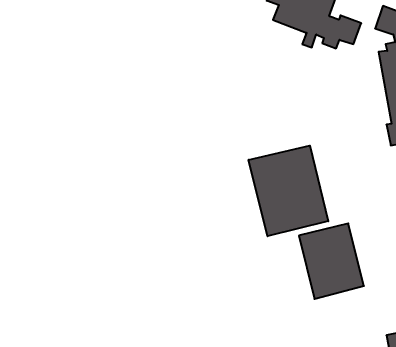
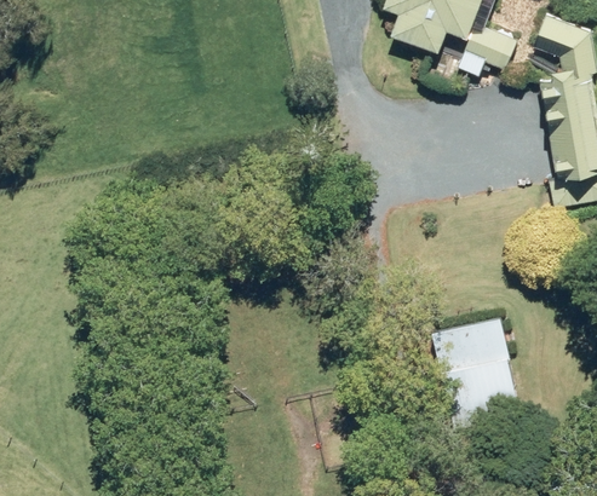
building: [249,146,328,236] -> none

